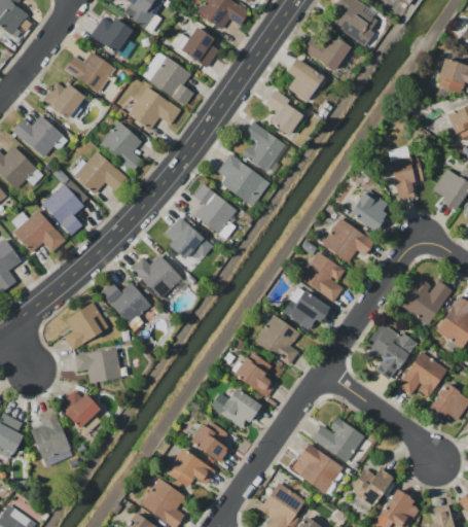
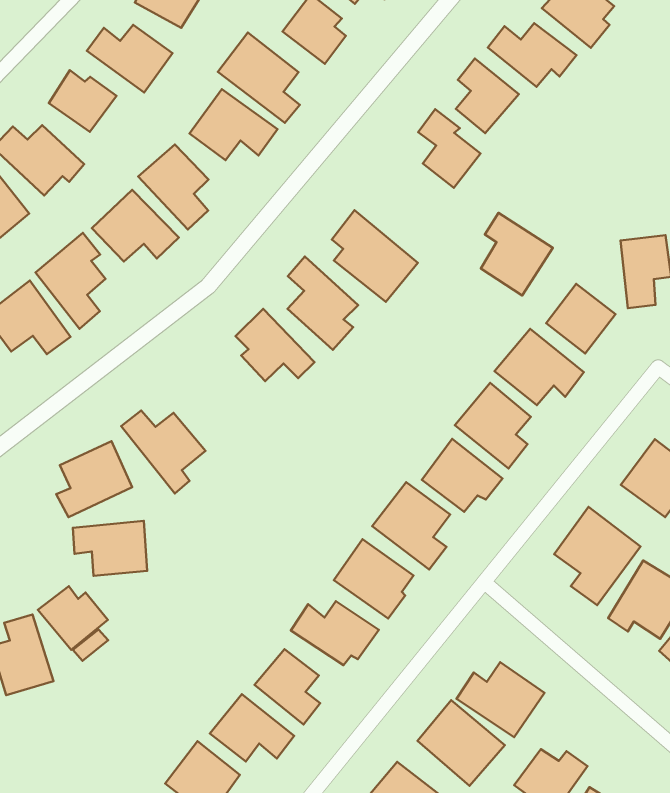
building: [243,122,285,171] -> [481,213,553,295]
building: [133,254,181,297] -> none

